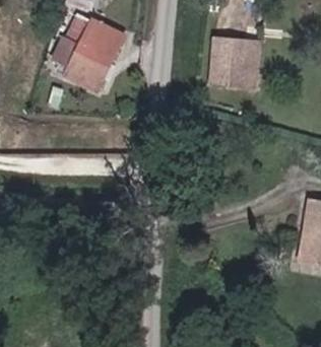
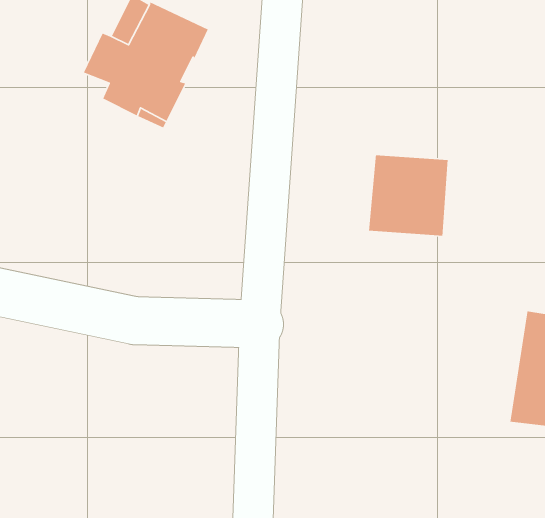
building: [210,39,257,86] -> [368,154,449,236]

